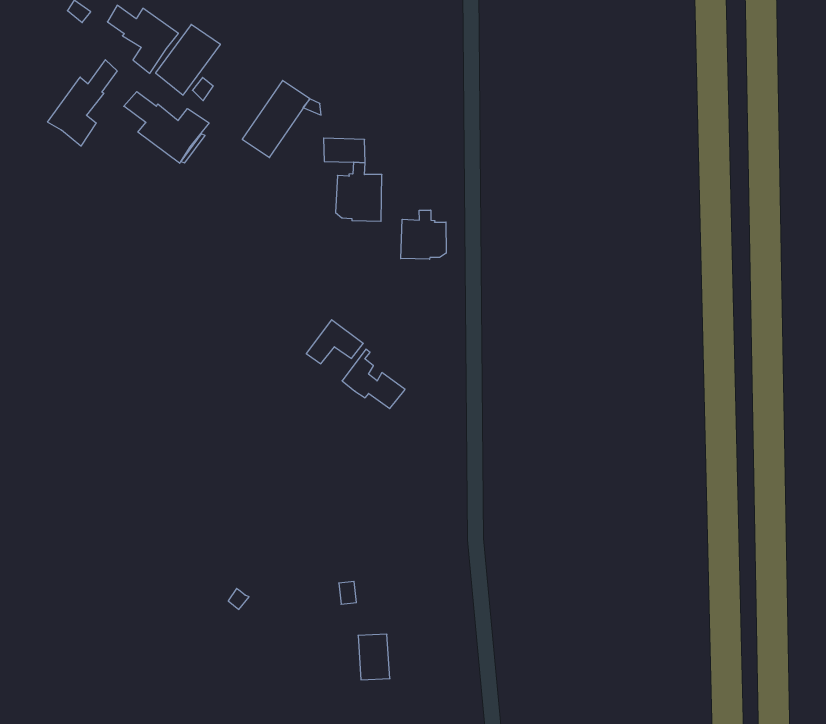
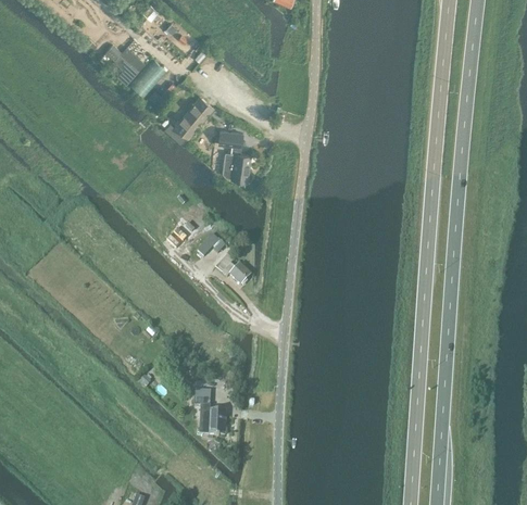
building: [48,60,117,146] -> none
building: [124,92,209,163] -> none
building: [401,210,446,259] -> none

